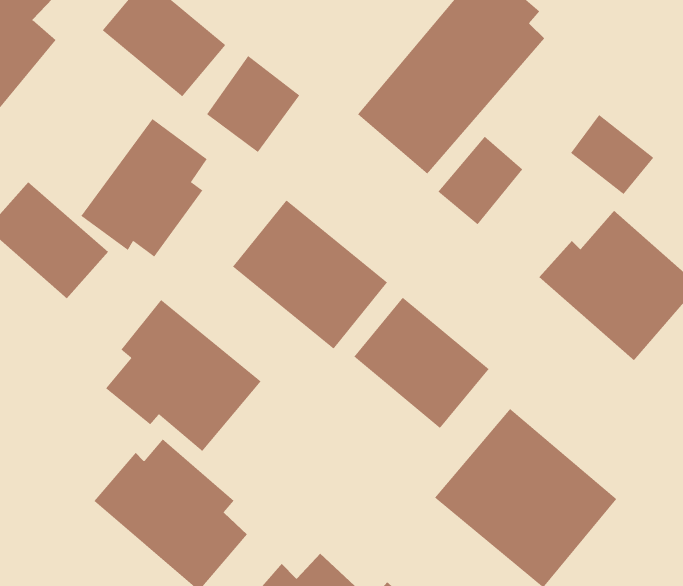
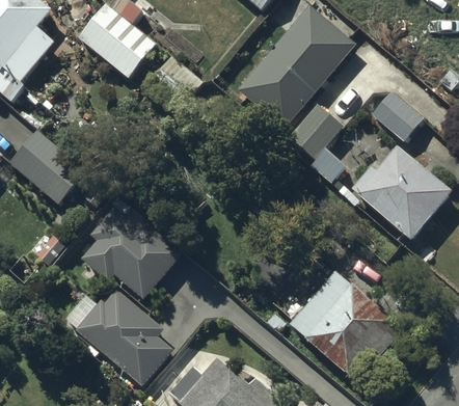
building: [81,118,207,257] -> none
building: [232,199,388,350] -> none
building: [353,297,489,429] -> none

